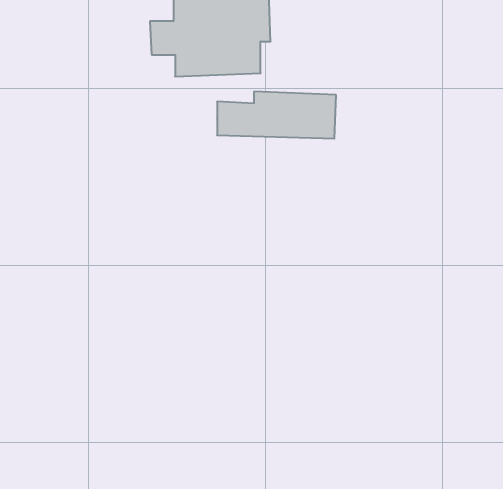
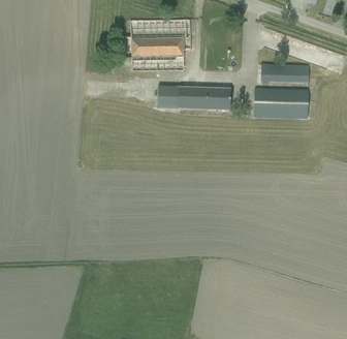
building: none -> [260,63,308,82]
building: none -> [254,89,308,118]

